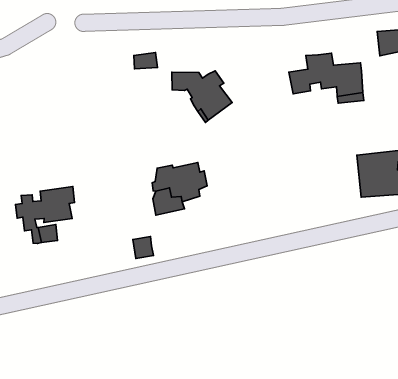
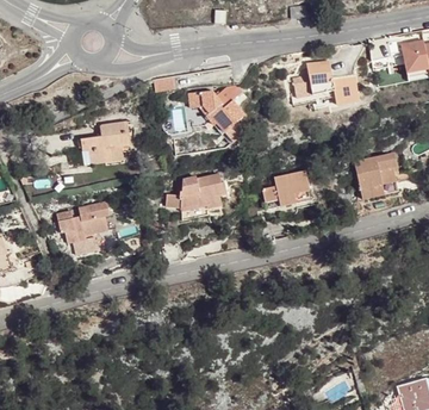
building: none -> [75,122,126,164]
building: none -> [256,163,306,203]

